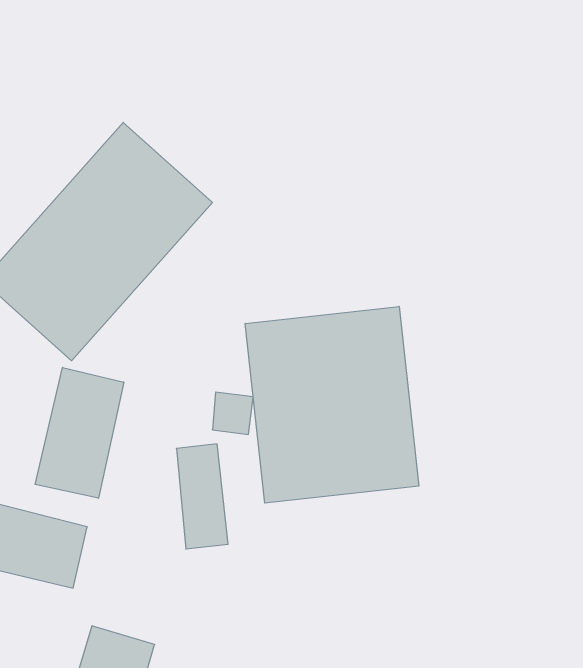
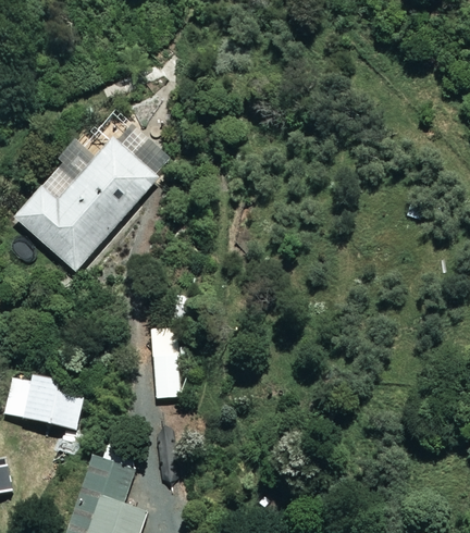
building: [245,306,419,503] -> none
building: [35,367,124,498] -> none

